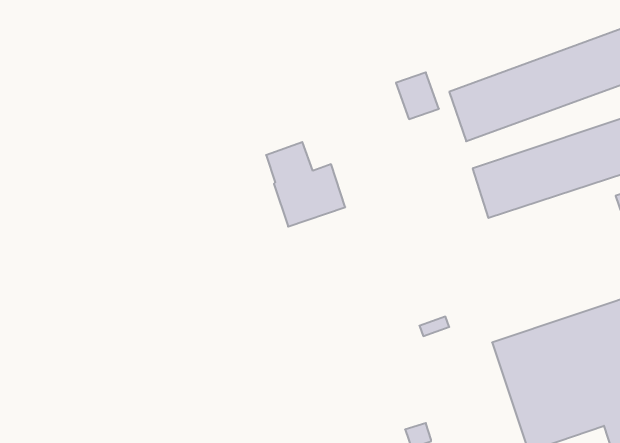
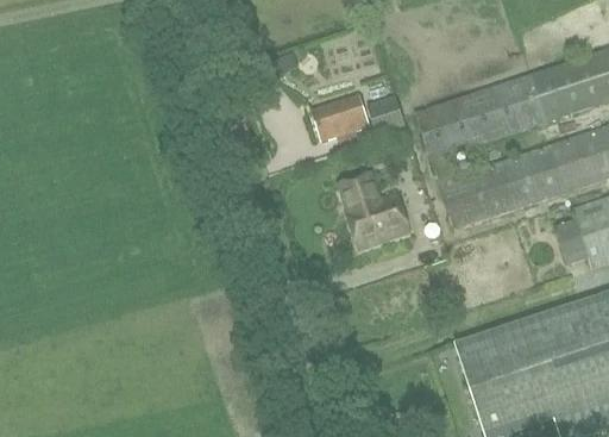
building: none -> [313,94,369,141]
building: [266,142,345,227] -> [338,170,410,248]

